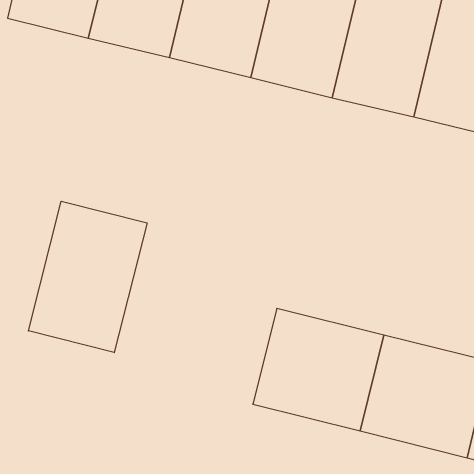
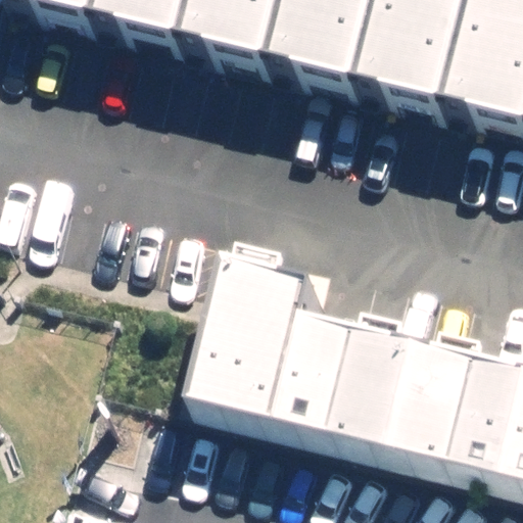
building: [28,201,147,353] -> none
building: none -> [197,275,321,431]

